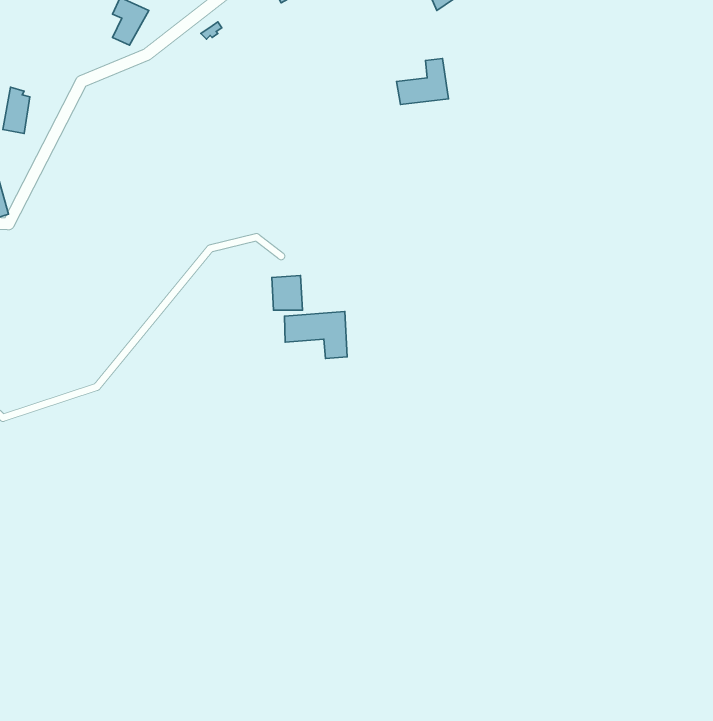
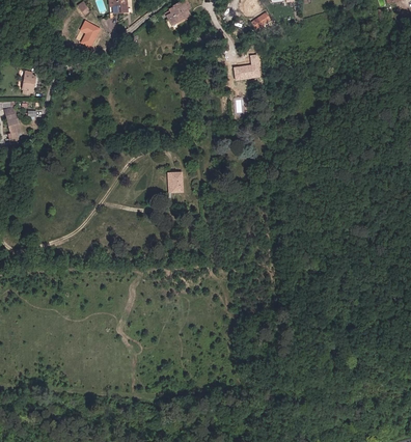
building: [284,311,347,359] -> none

